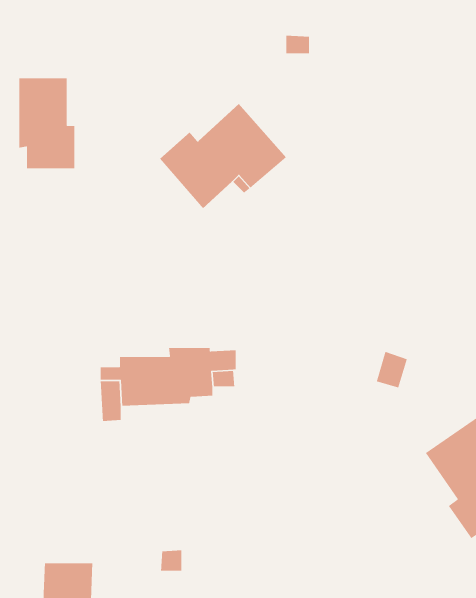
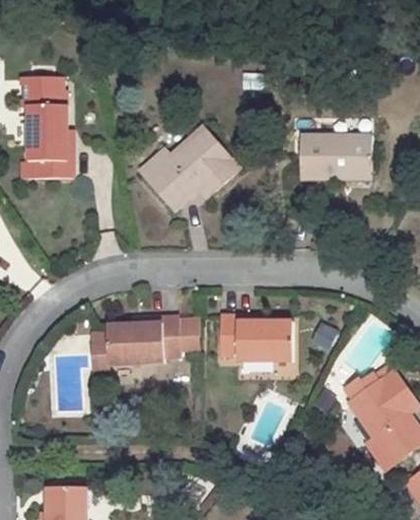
building: none -> [22,80,62,106]
building: none -> [300,134,372,178]
building: none -> [221,315,292,362]

